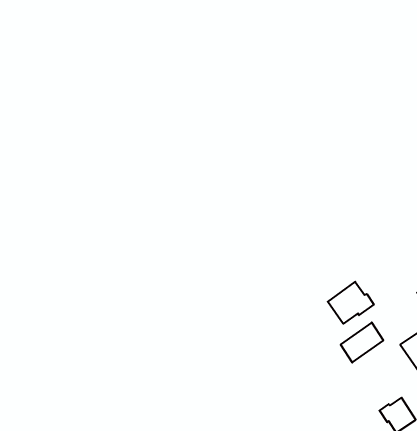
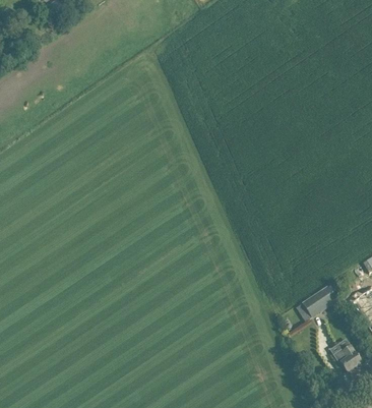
building: [328,282,374,324] -> none

